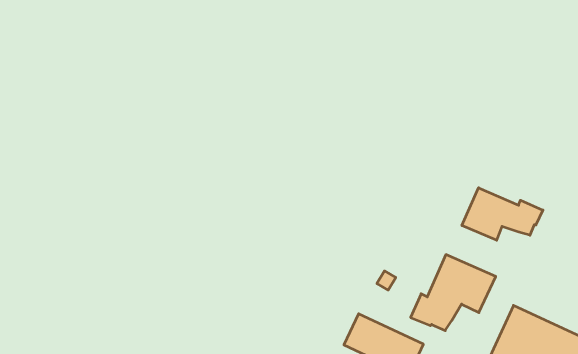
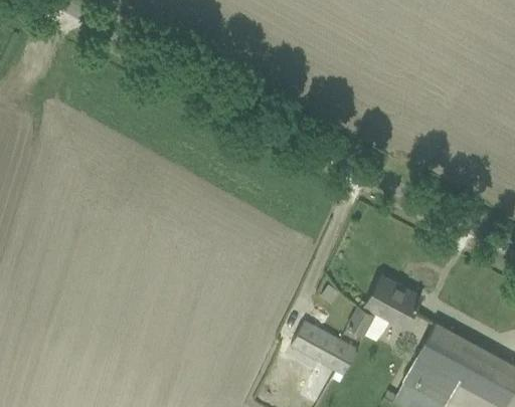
building: [462,188,543,240] -> none

